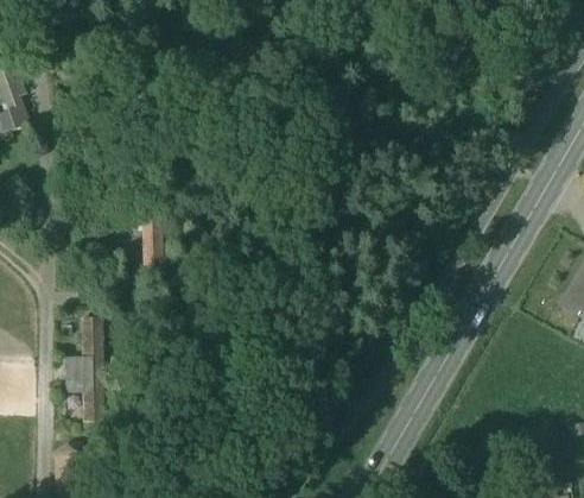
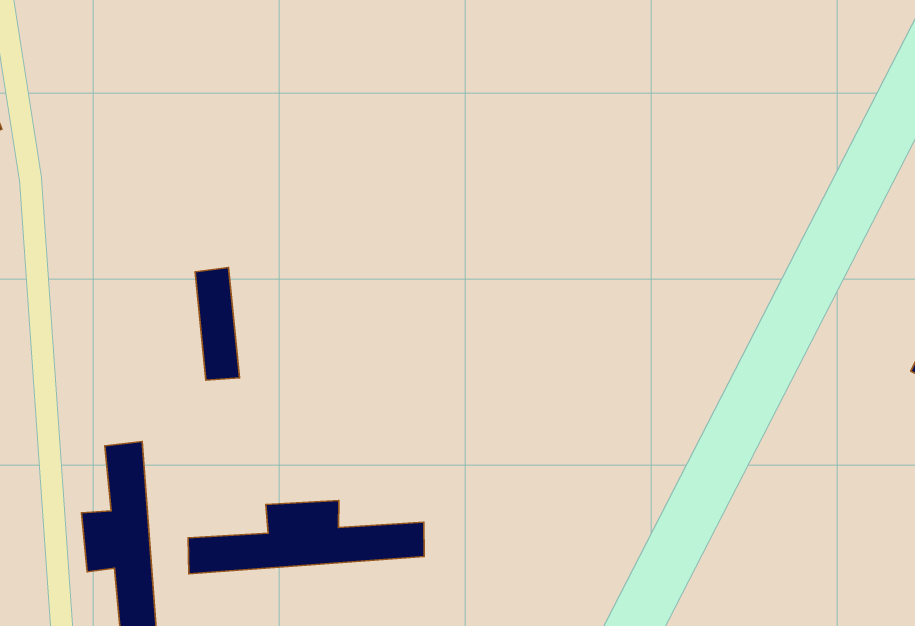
building: none -> [188,501,424,574]

